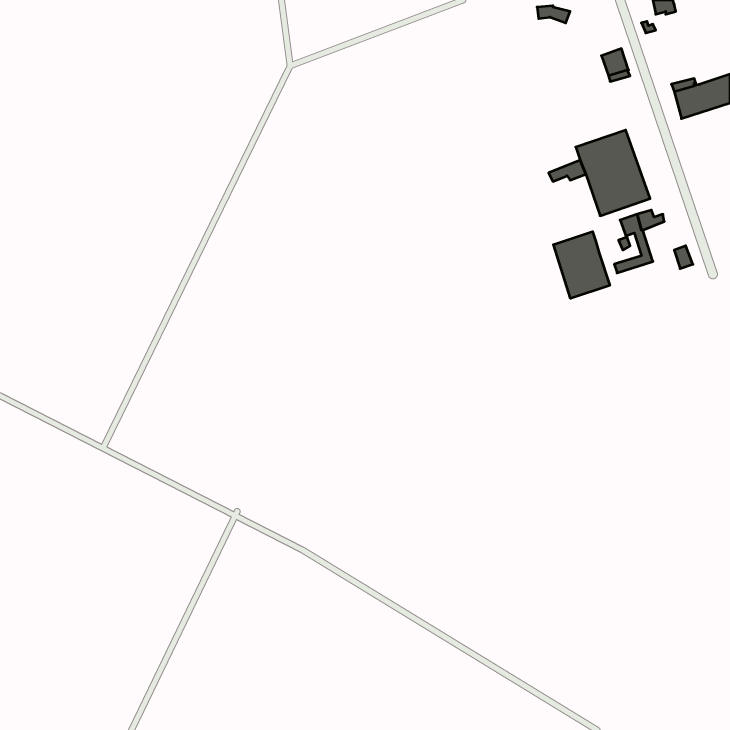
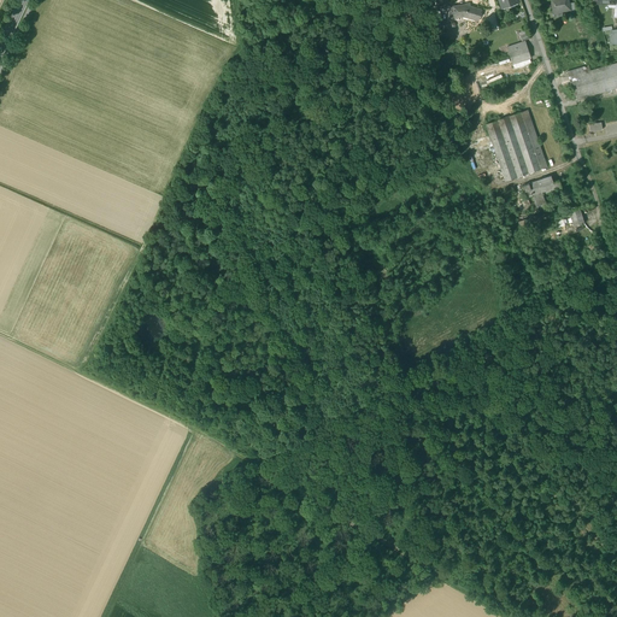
building: [553,232,610,298] -> none

